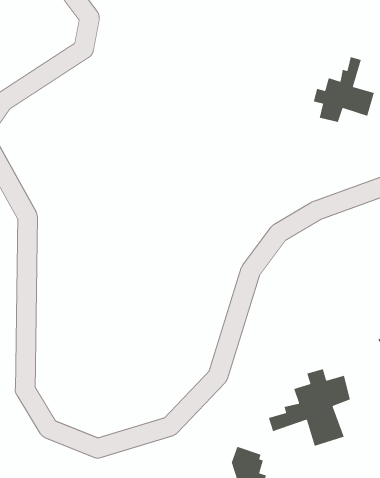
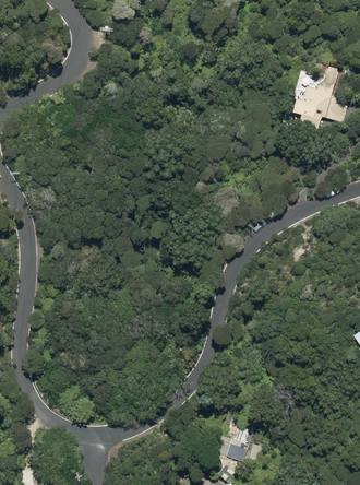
building: [268,368,351,447] -> none

